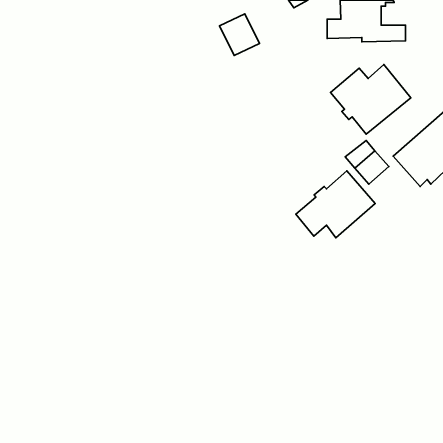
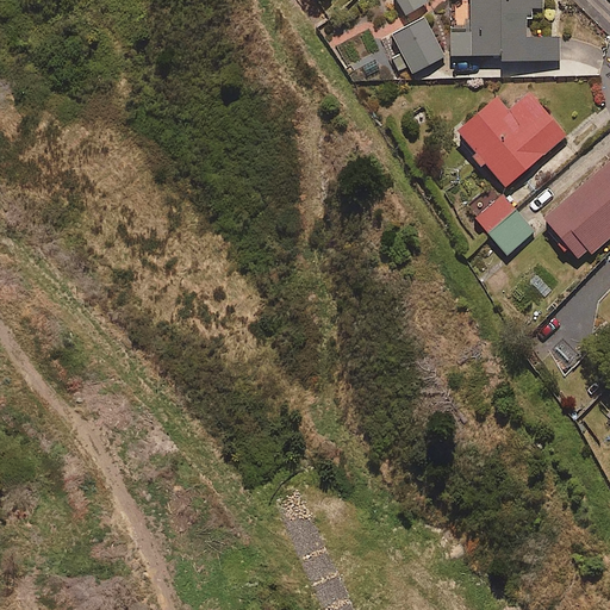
building: [219,14,260,56] -> [391,15,446,73]
building: [296,171,375,238] -> none

